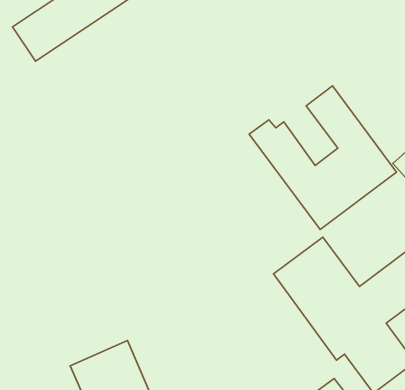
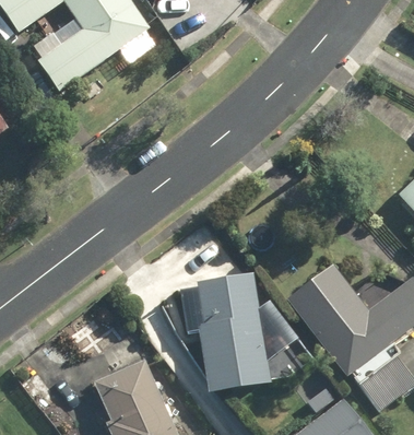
building: [249,86,396,229] -> none
building: none -> [179,273,268,390]

